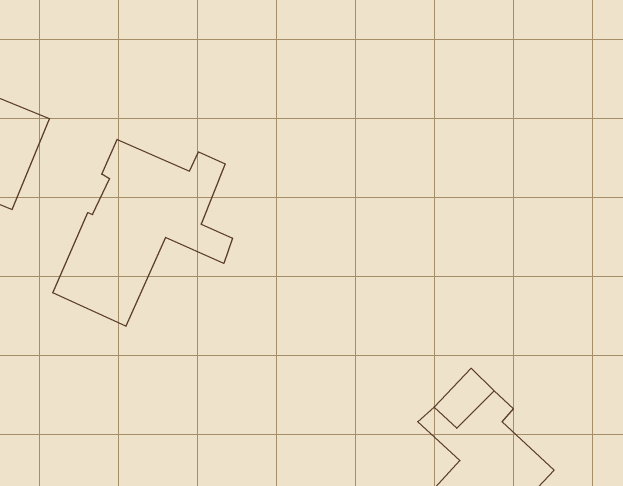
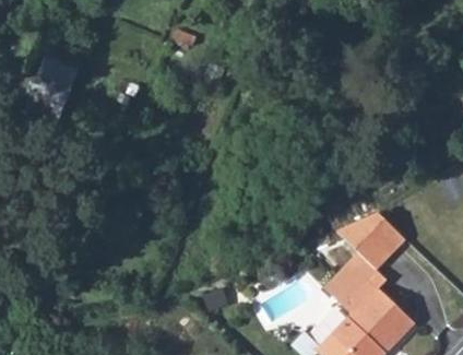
building: [53,139,232,326] -> none
building: none -> [344,223,403,267]

